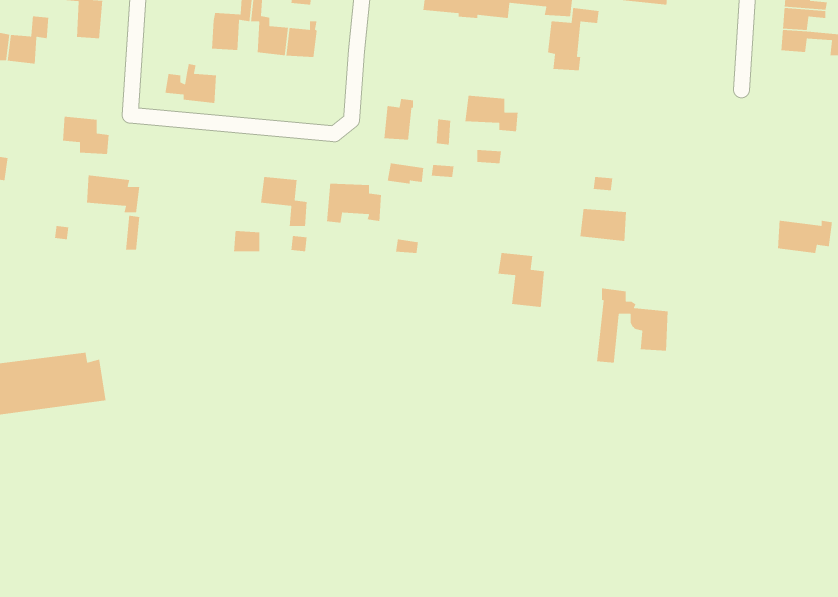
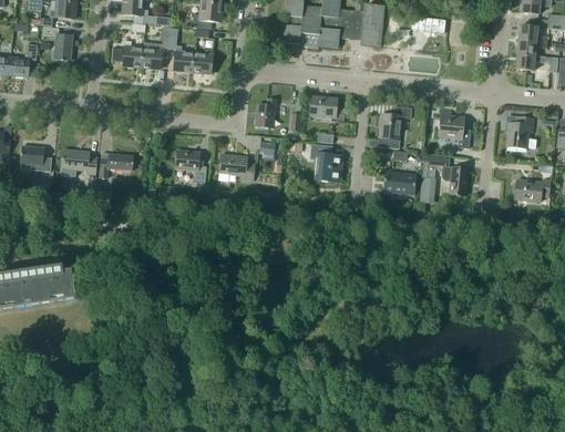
building: [547,7,600,71] -> [378,105,412,147]
building: [164,63,217,104] -> [110,40,144,66]
building: none -> [439,109,470,147]
building: [62,116,109,155] -> [20,145,51,171]
building: none -> [506,115,536,147]
building: none -> [100,153,133,177]
building: [498,252,545,308] -> [309,143,340,179]
building: [596,287,669,363] -> [420,152,468,202]

